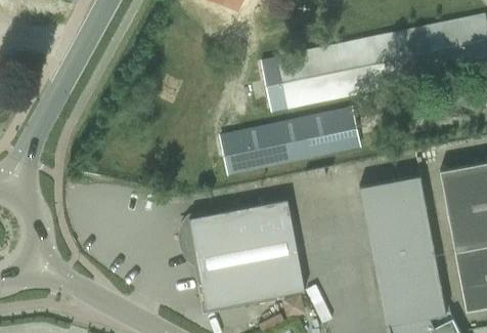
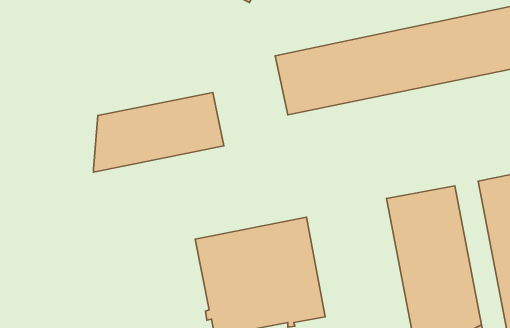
building: none -> [93,92,224,172]
building: [220,110,361,174] -> none

